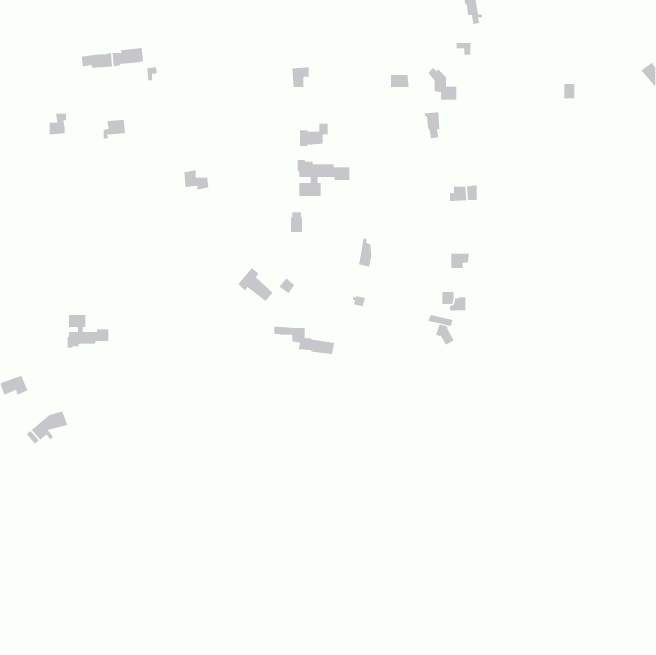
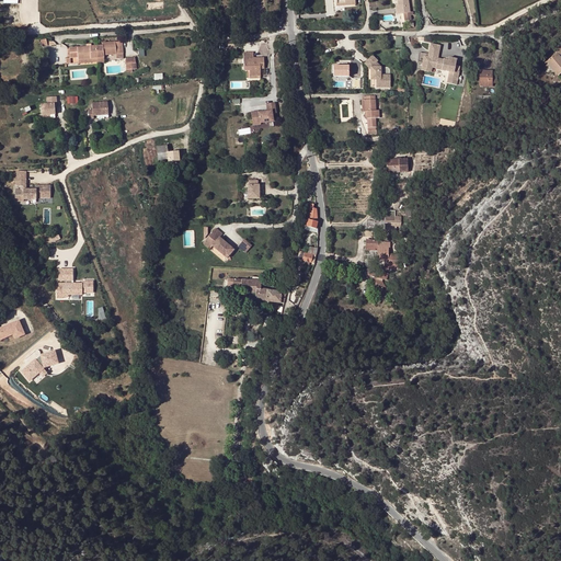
building: none -> [421,41,458,81]
building: [297,159,350,197] -> none
building: none -> [15,170,50,201]

